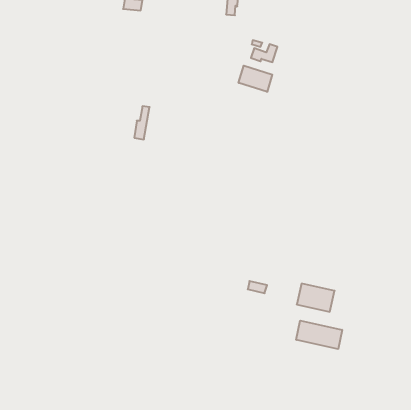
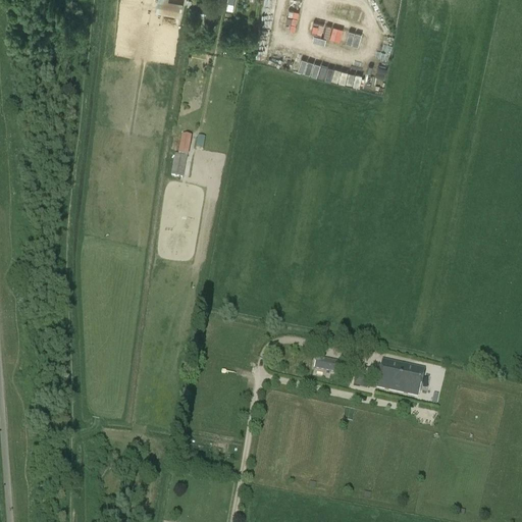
building: [239,66,272,92] -> none
building: [296,321,342,349] -> none

